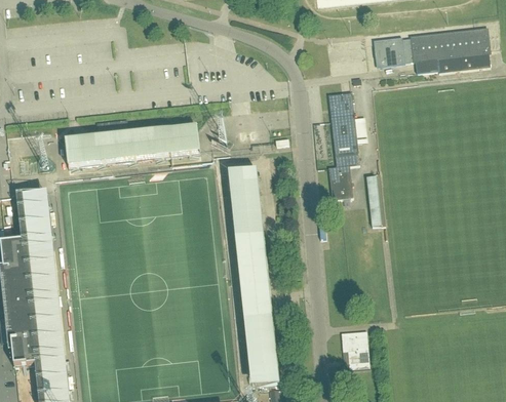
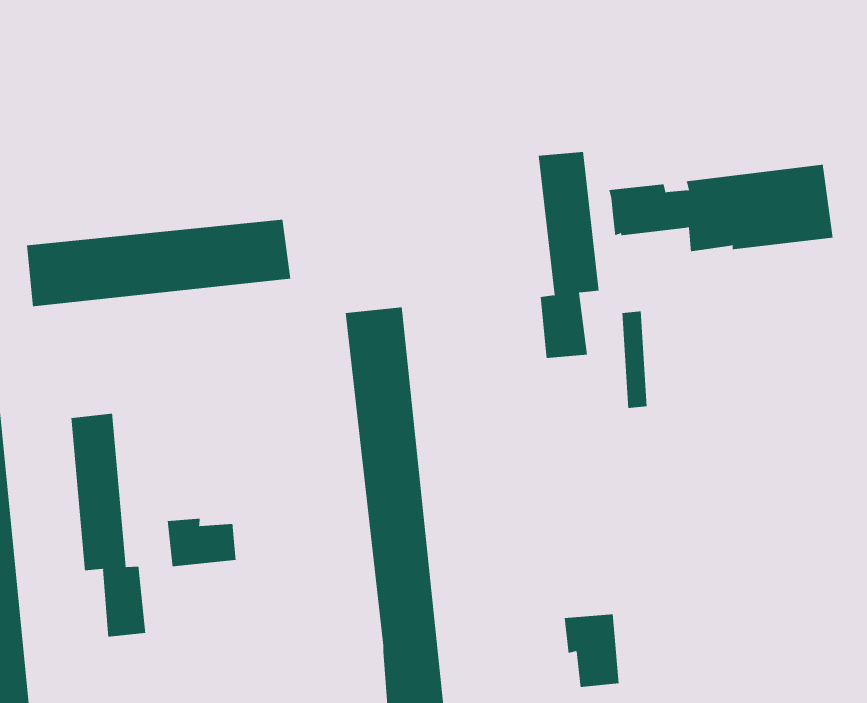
building: [374,25,490,70] -> [608,164,833,252]
building: none -> [71,413,146,638]
building: none -> [167,518,236,567]

